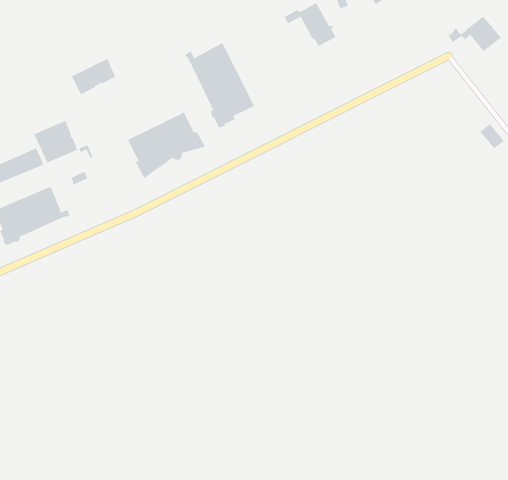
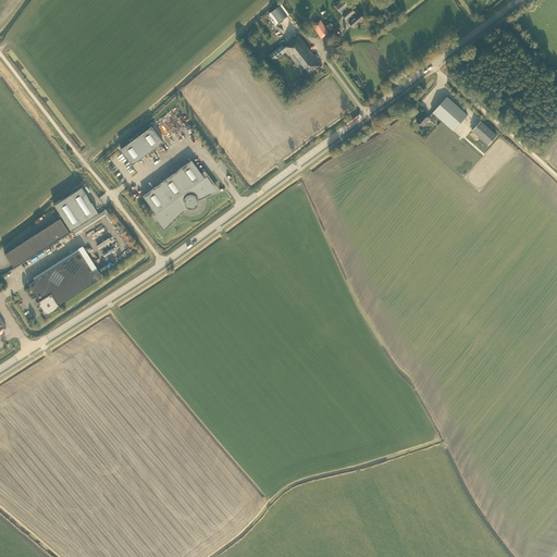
building: [448,16,502,52] -> [417,96,468,129]
building: [184,42,255,128] -> none
building: [71,58,116,95] -> [121,125,163,164]

